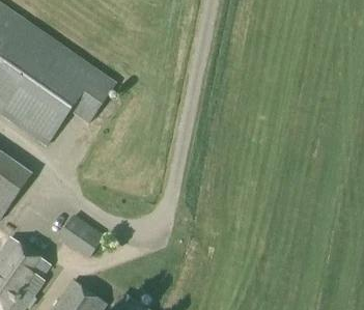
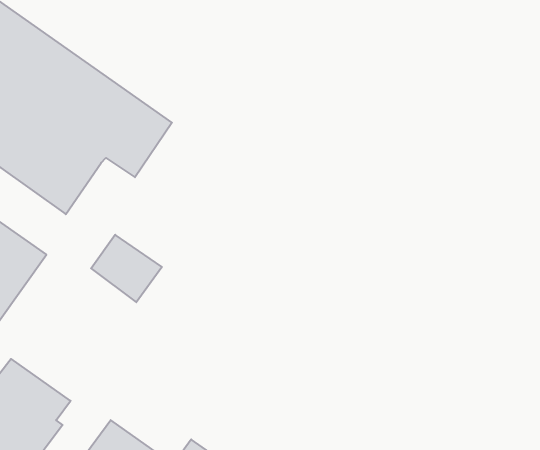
building: [56,215,102,258] -> [91,235,162,302]

